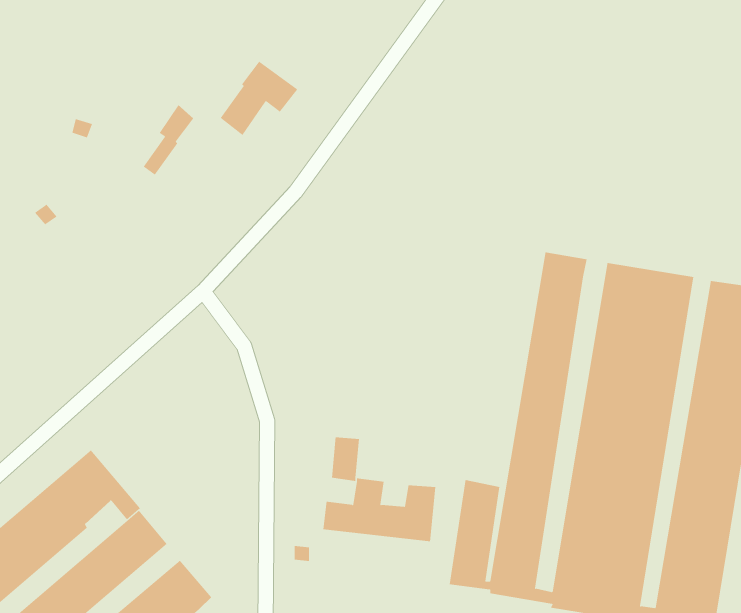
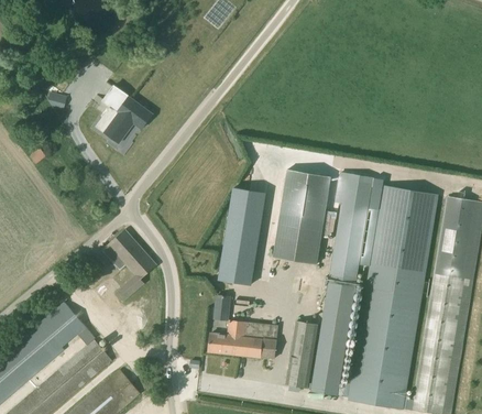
building: [220,61,298,136] -> [105,97,153,143]
building: none -> [273,170,331,264]
building: none -> [219,188,265,285]
building: none -> [101,230,157,301]

